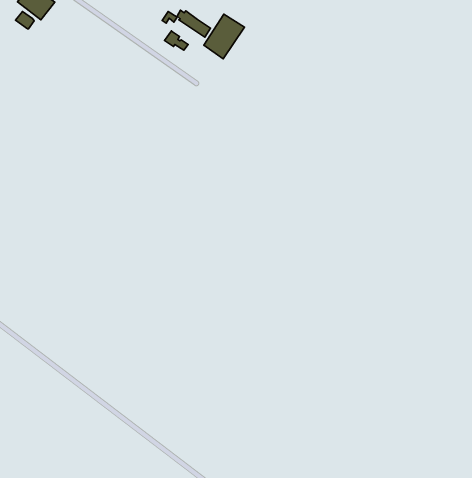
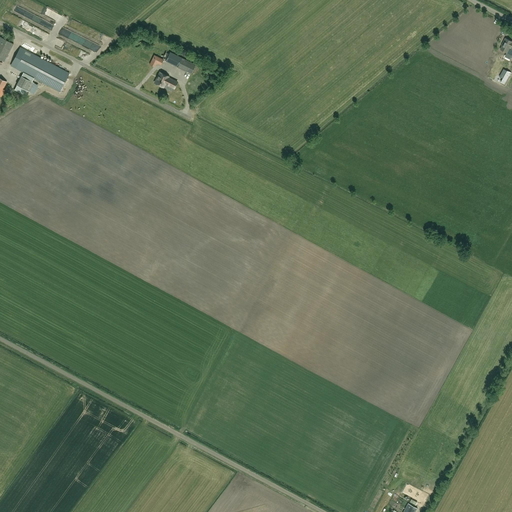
building: [204,14,245,59] -> none

